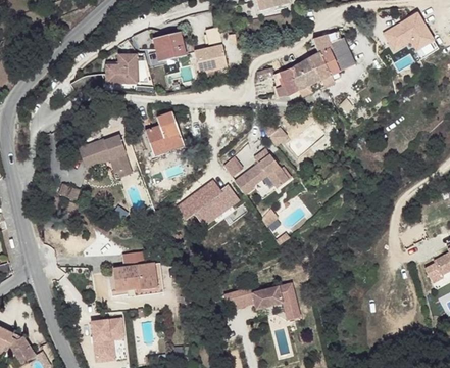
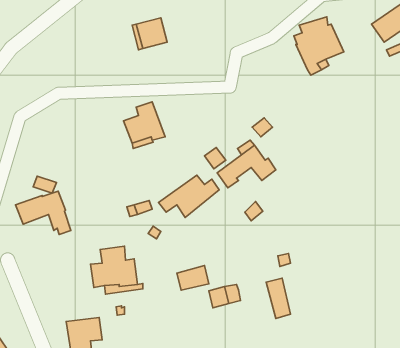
building: [193,41,226,71] -> none
building: [105,53,136,82] -> none
building: [255,56,323,97] -> none
building: [78,135,131,177] -> [16,191,71,235]
building: [254,285,285,309] -> [177,266,209,290]

